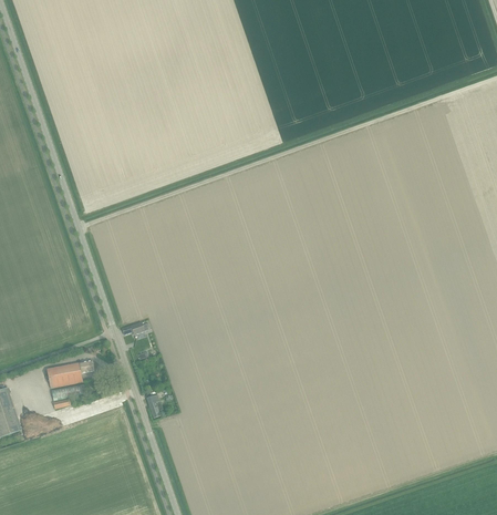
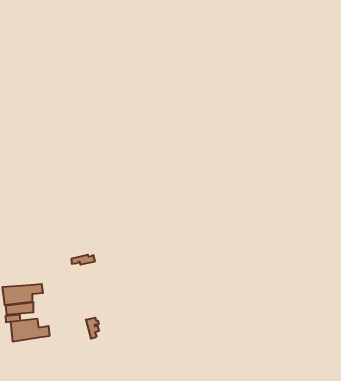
building: none -> [11,319,49,342]

